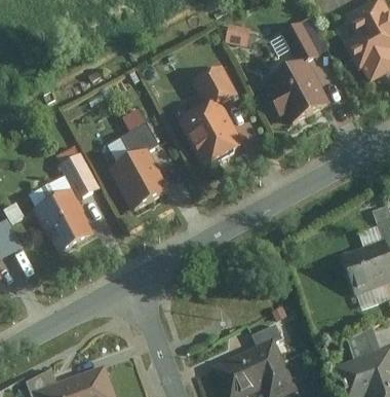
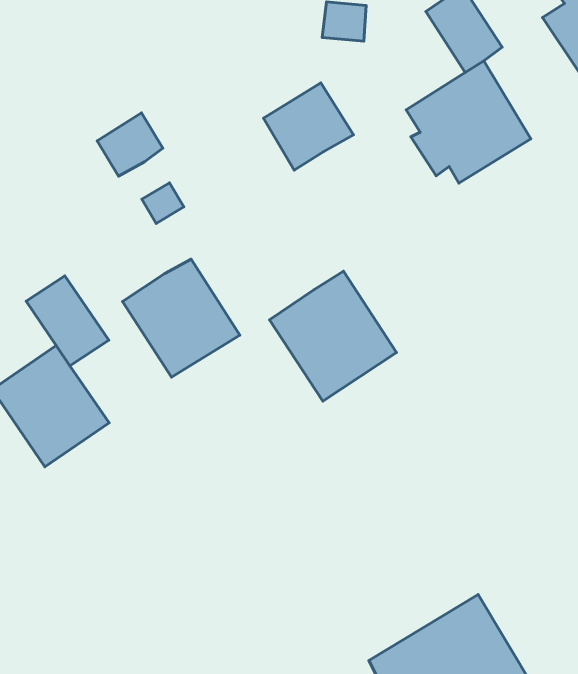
building: [178,97,242,164] -> [270,271,397,401]
building: [120,120,154,152] -> [97,113,163,176]

